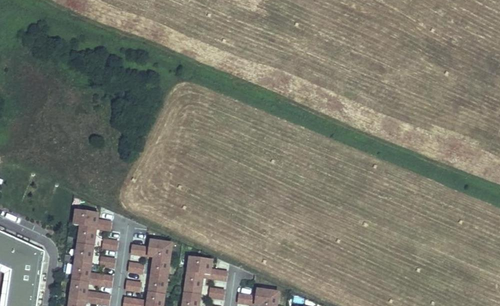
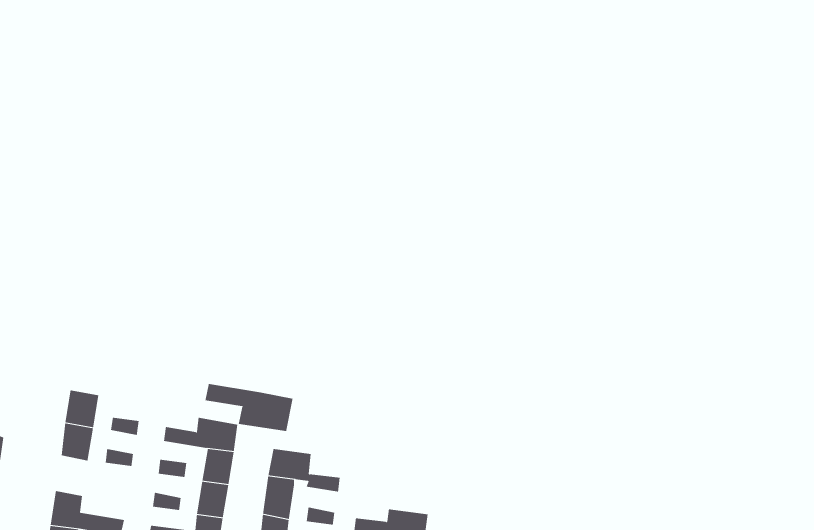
building: [74,208,112,229] -> none
building: none -> [205,383,293,432]
building: [72,260,113,285] -> none

